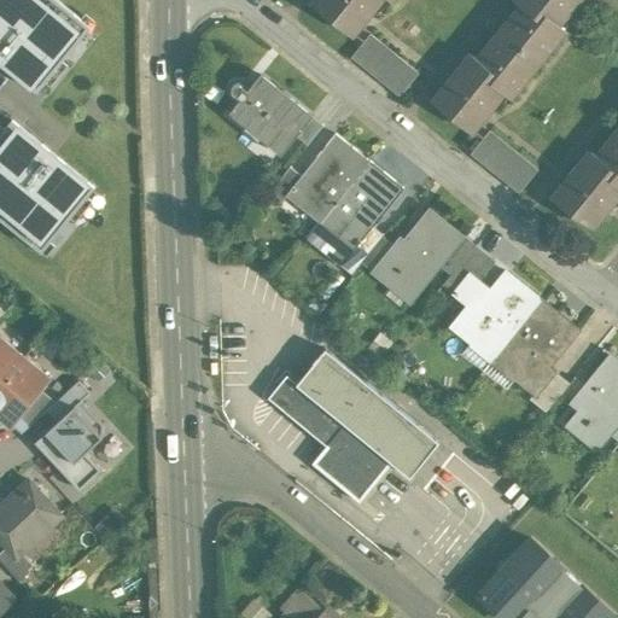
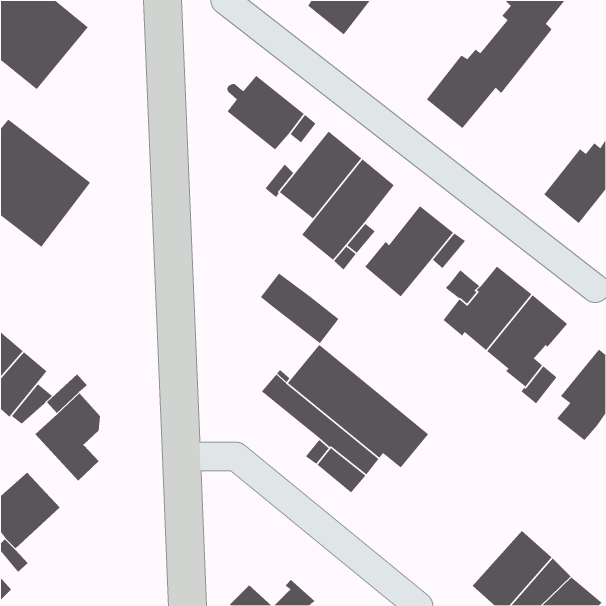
building: [350,35,416,95] -> none
building: [472,130,536,191] -> none
building: [445,245,494,290] -> none
building: none -> [260,272,339,345]

